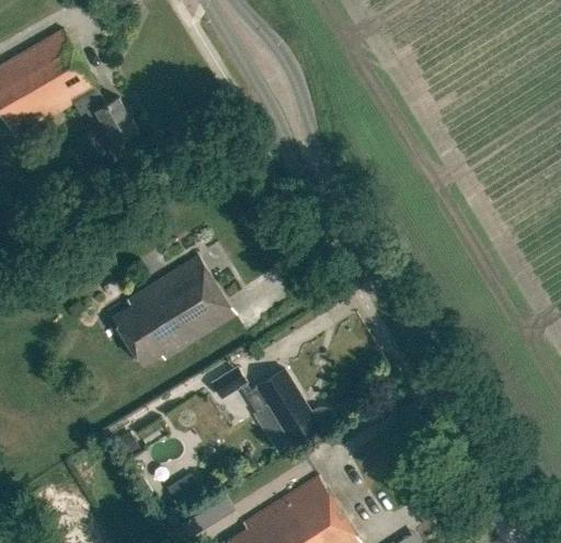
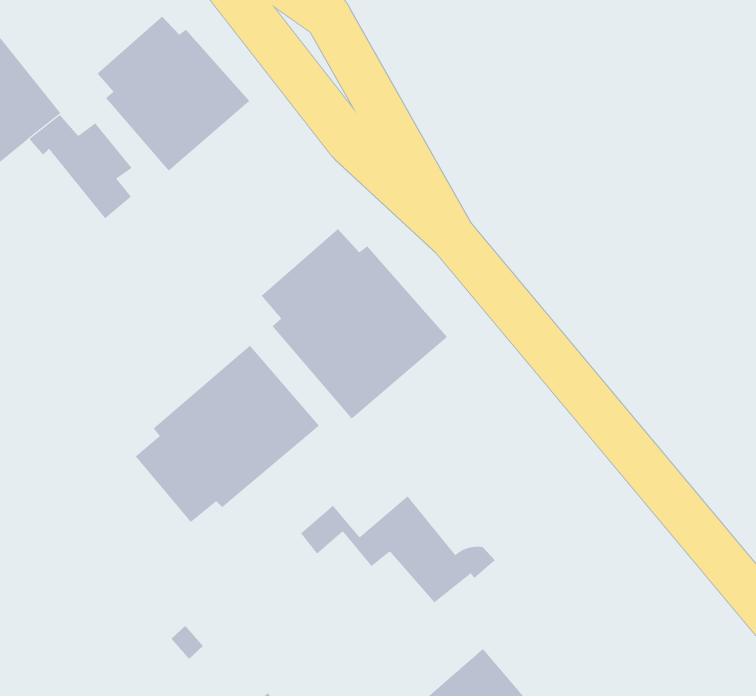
building: none -> [97,16,250,172]
building: none -> [261,228,448,420]

